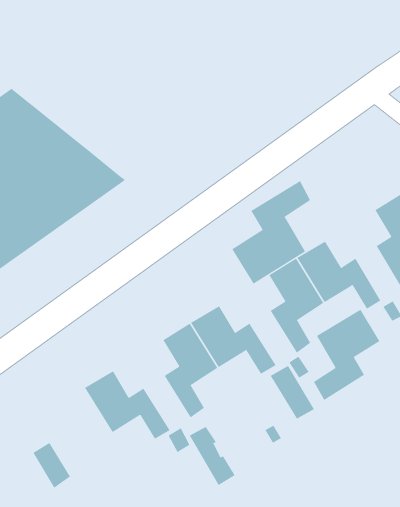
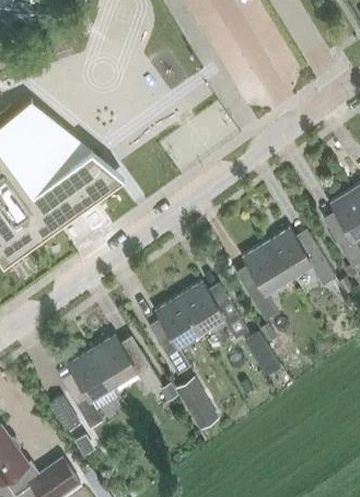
building: [231,180,311,285] -> none
building: [313,309,380,401] -> none
building: none -> [68,350,114,428]

